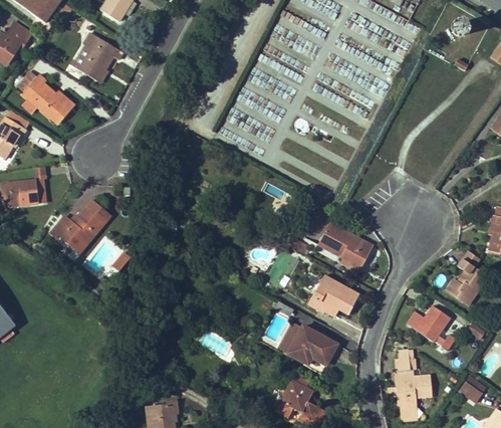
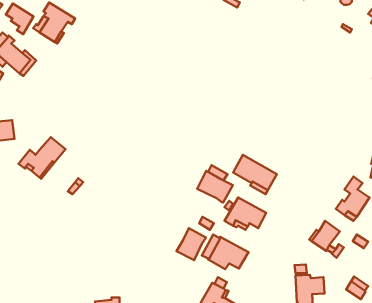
building: none -> [6,4,33,34]
building: none -> [197,171,233,203]
building: none -> [176,228,206,260]

